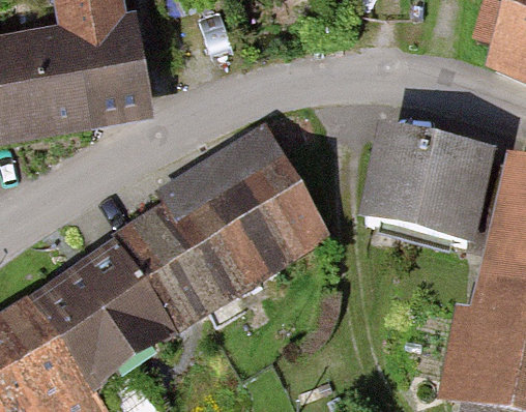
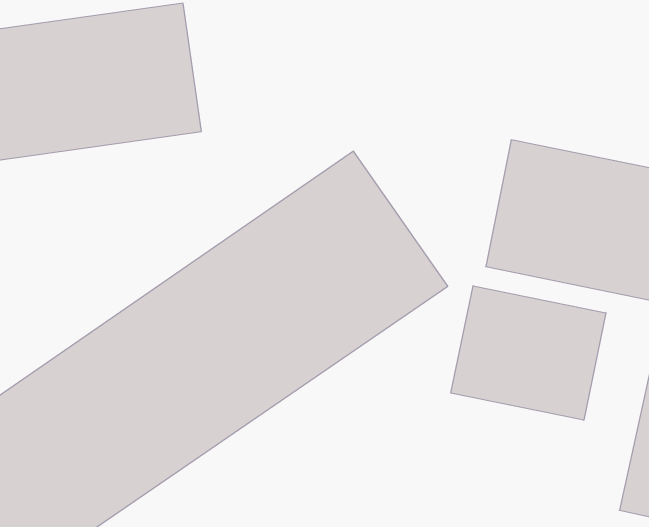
building: none -> [451,286,606,420]

